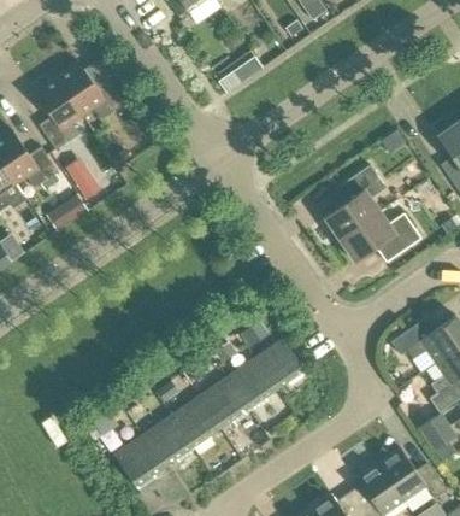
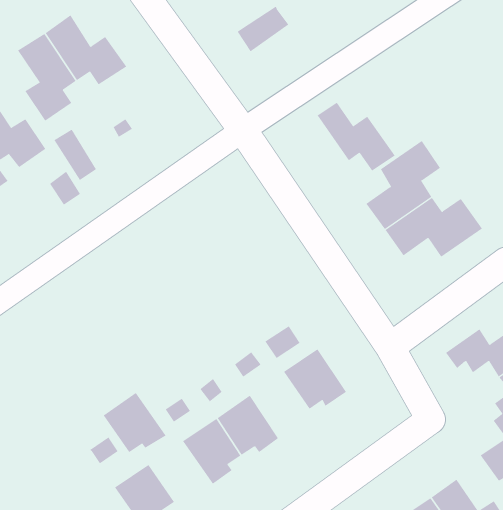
building: none -> [317,102,395,172]
building: [228,357,277,412] -> none
building: [143,415,196,465] -> [103,392,167,453]

